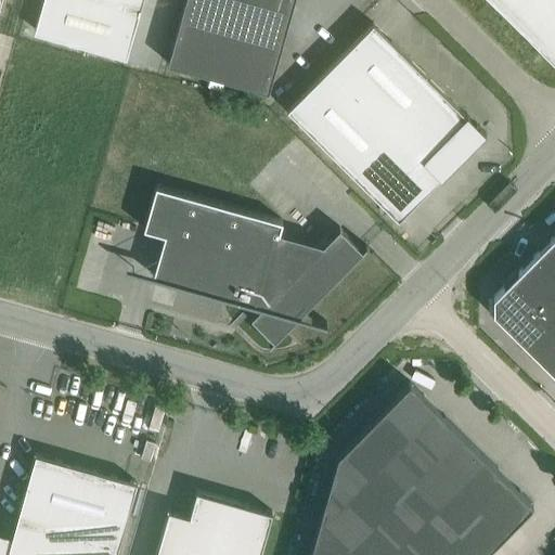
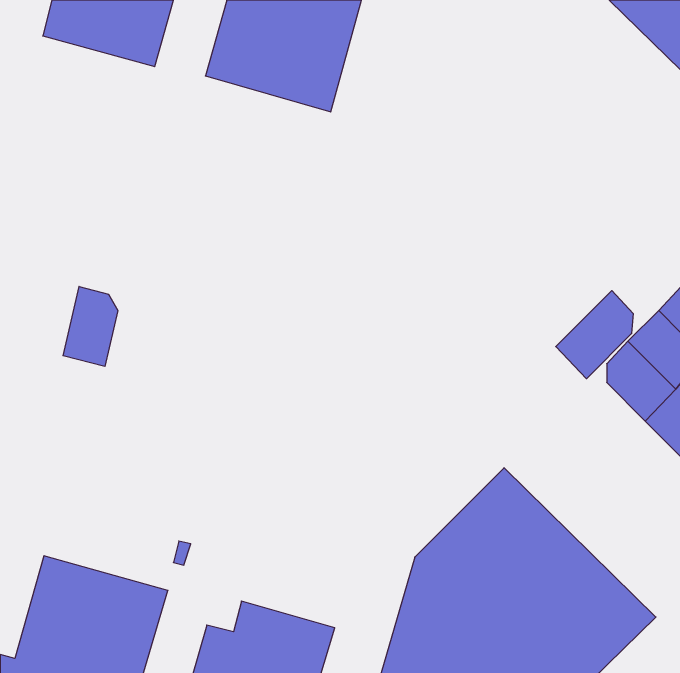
building: [288,28,487,225] -> none
building: [145,190,367,349] -> none
building: none -> [63,286,118,366]
building: none -> [556,291,633,379]

